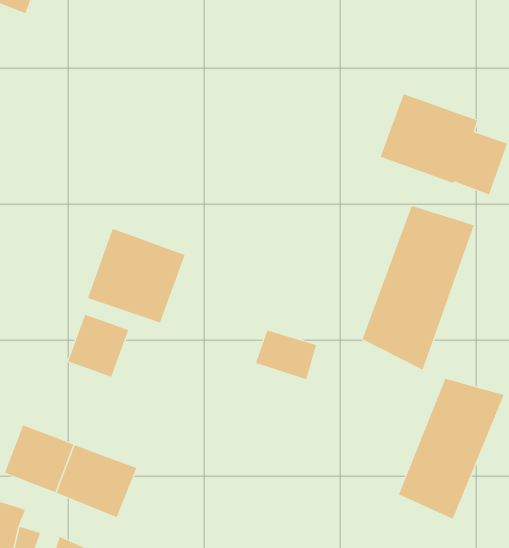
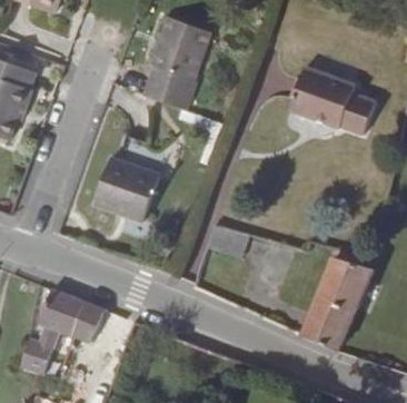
building: none -> [145,18,209,110]
building: [362,205,475,370] -> none
building: [68,314,129,377] -> none

